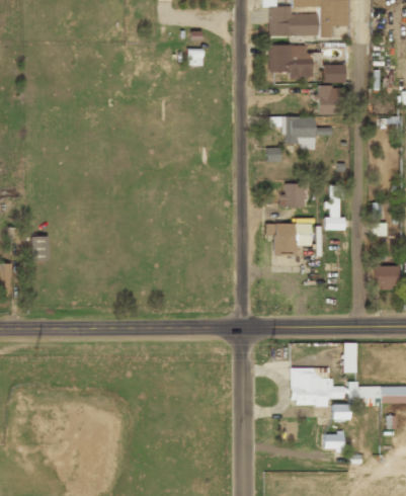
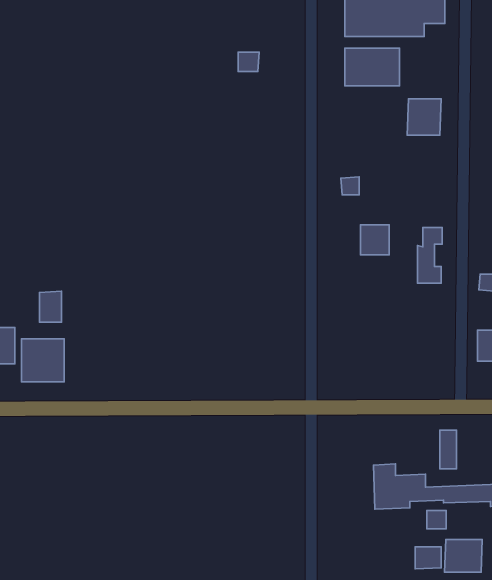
building: [323,63,345,82] -> none
building: [283,117,315,146] -> none
building: [266,223,310,255] -> none
building: none -> [22,339,64,382]
building: none -> [445,540,482,572]

